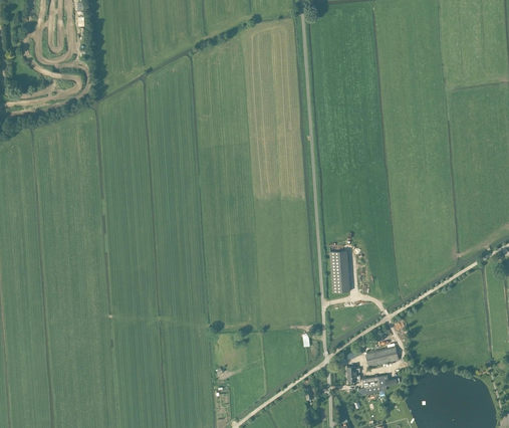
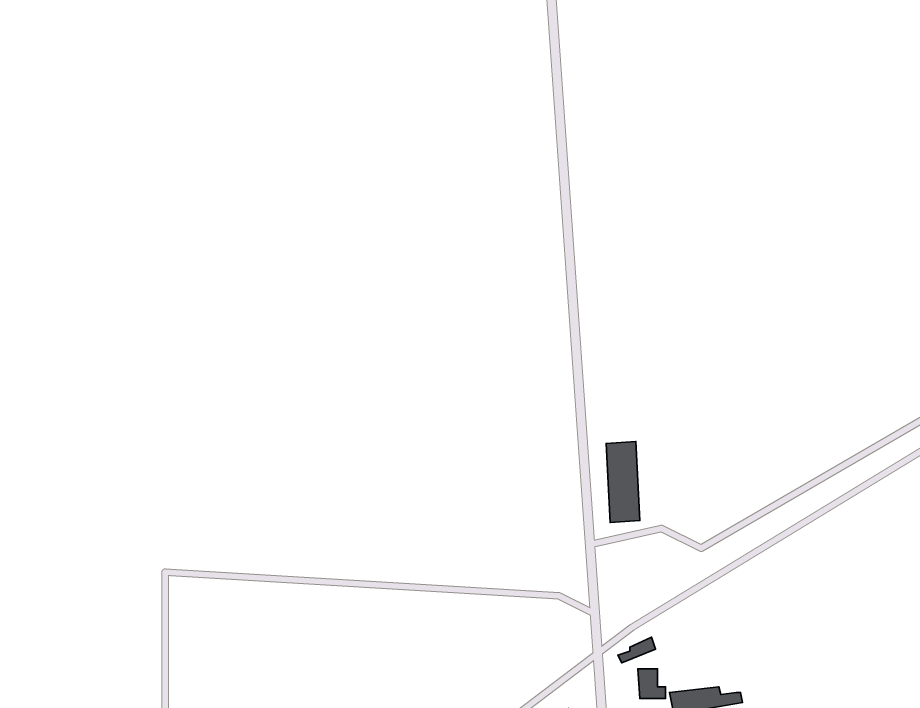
building: [369,346,404,367] -> none

